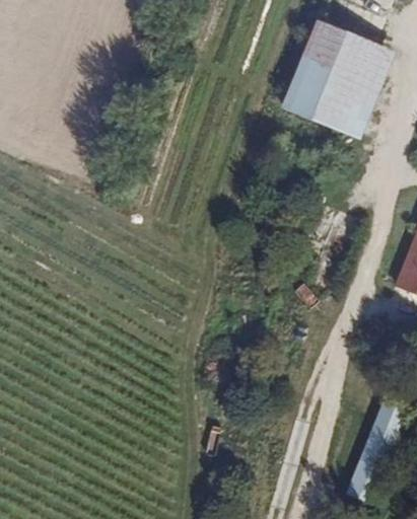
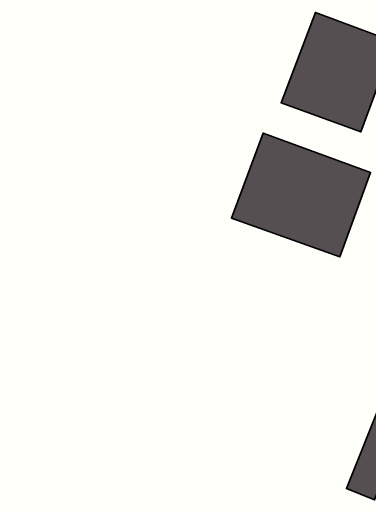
building: none -> [232,133,371,257]

